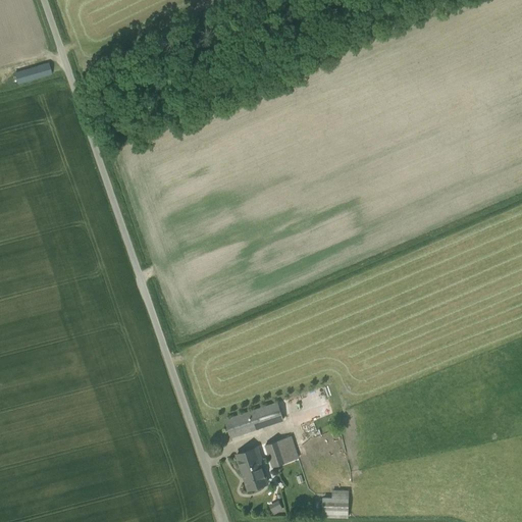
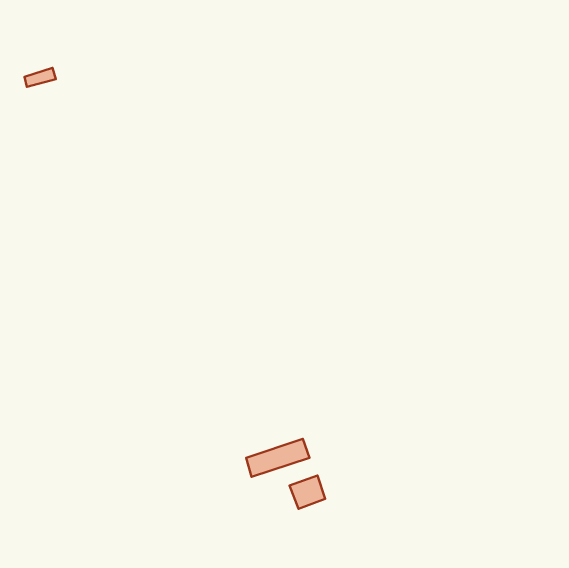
building: [237,447,266,488] -> none
building: [323,489,349,513] -> none

